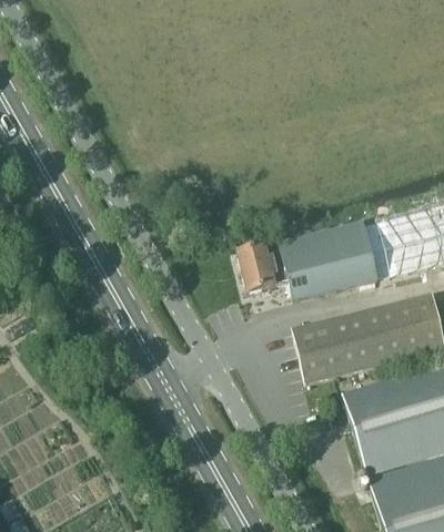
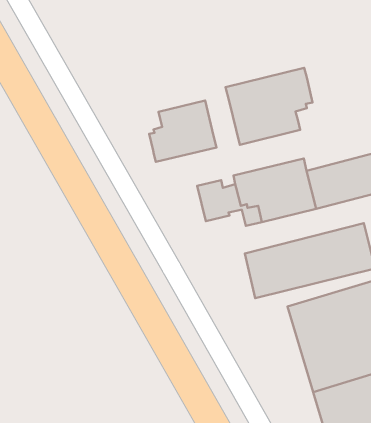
building: none -> [226,68,313,145]
building: none -> [149,101,216,162]

